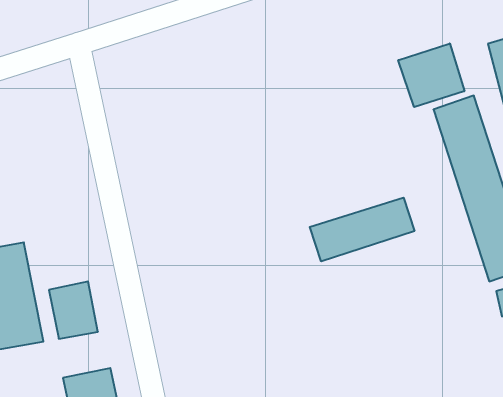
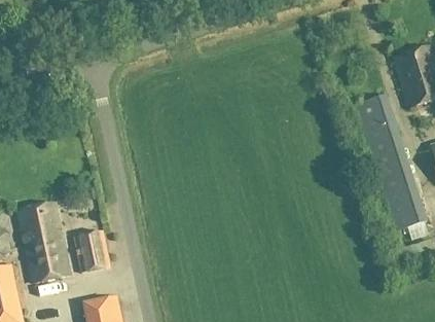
building: [398,43,464,107] -> none
building: [310,198,414,261] -> none

